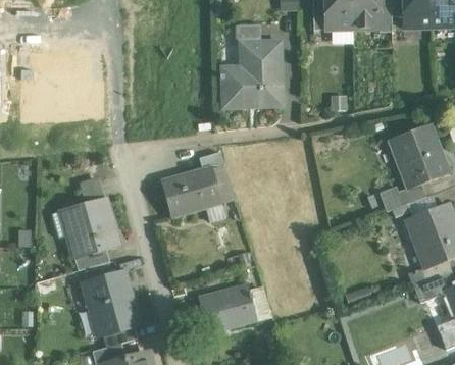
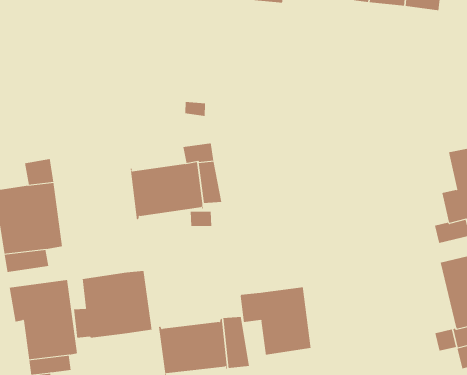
building: [222,42,280,106] -> none
building: none -> [240,287,311,355]
building: none -> [74,270,152,338]

